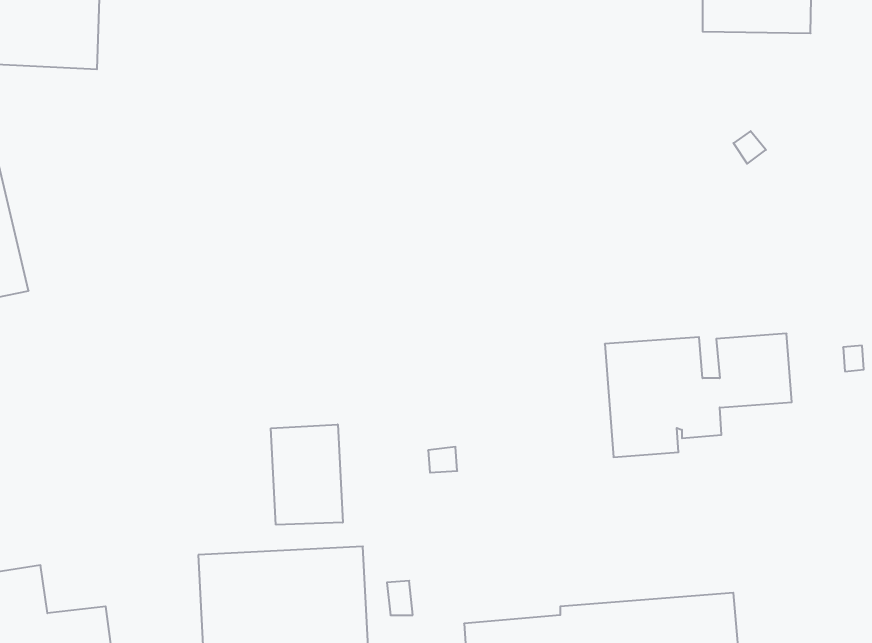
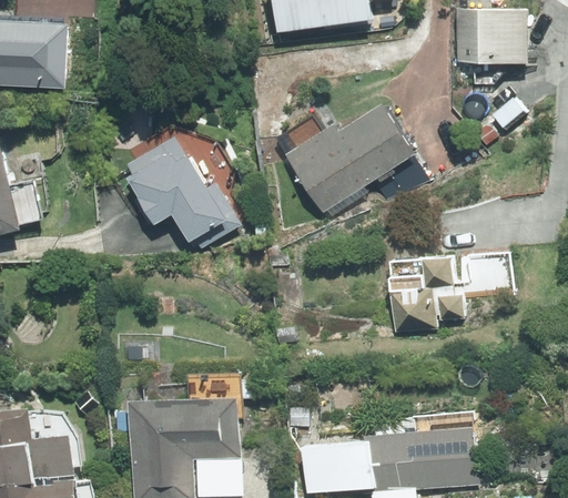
building: none -> [283,100,432,213]
building: none -> [126,136,241,252]
building: [271,424,343,525] -> none

